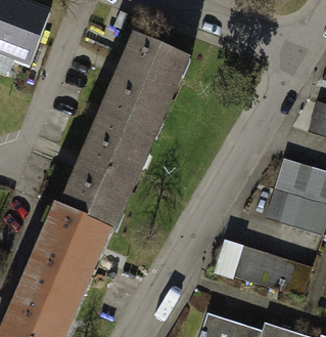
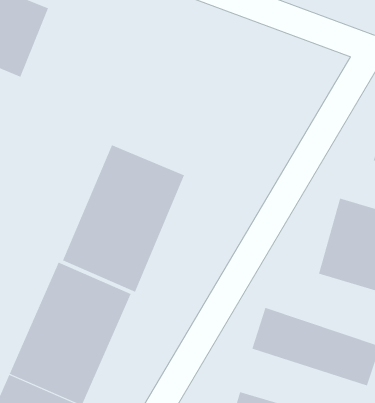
building: [105,39,194,139] -> none

